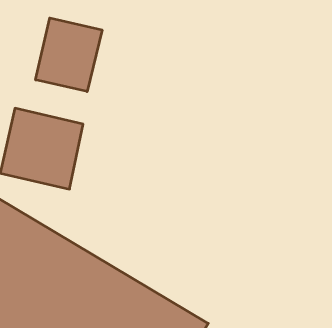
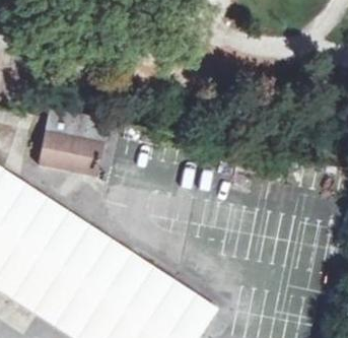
building: [36,18,102,92] -> none

